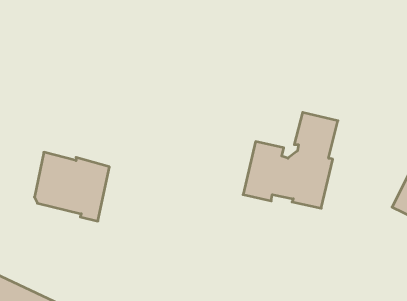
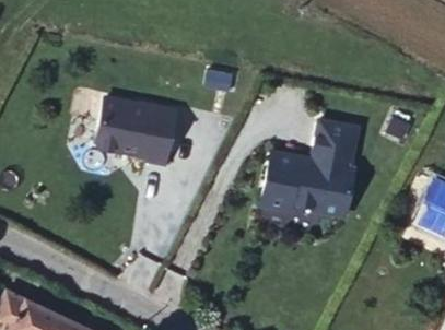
building: [34,152,109,221] -> [101,93,179,165]

